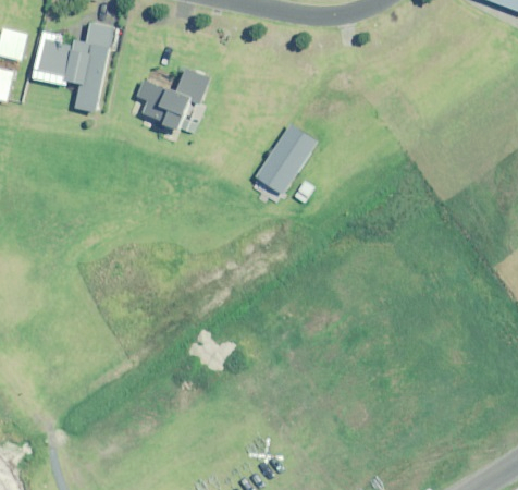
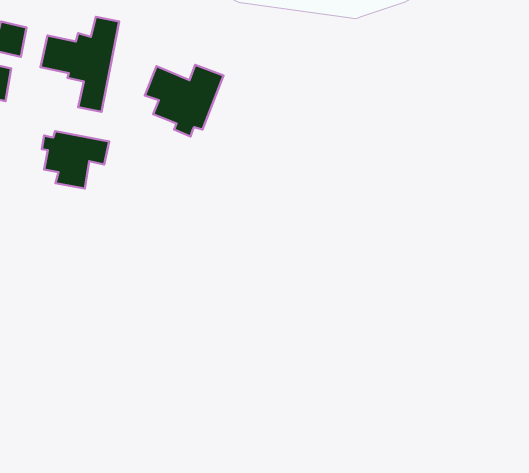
building: [257,128,313,195] -> none
building: none -> [42,131,109,189]

